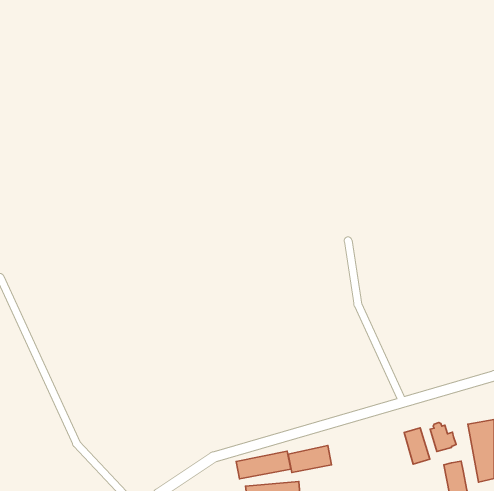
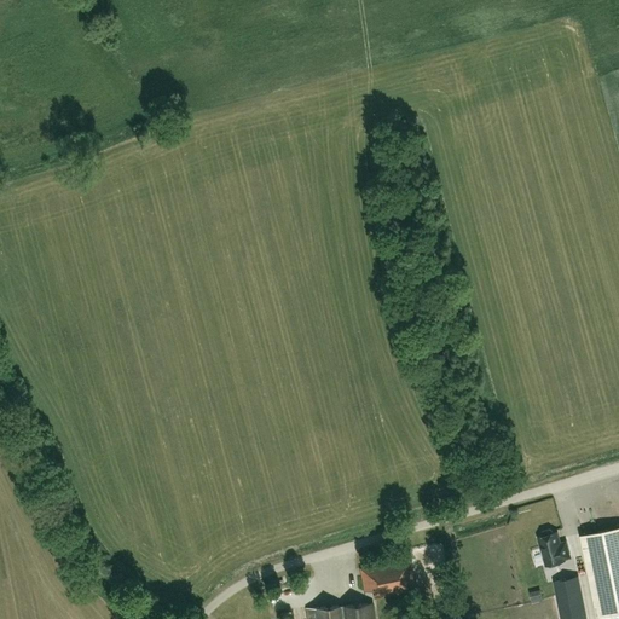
building: [404,428,430,464] -> none
building: [236,451,291,479] -> none

